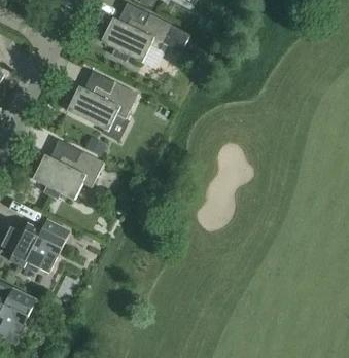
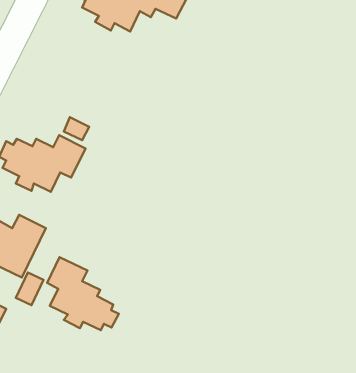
building: [64,82,138,140] -> none
building: none -> [47,257,119,330]

